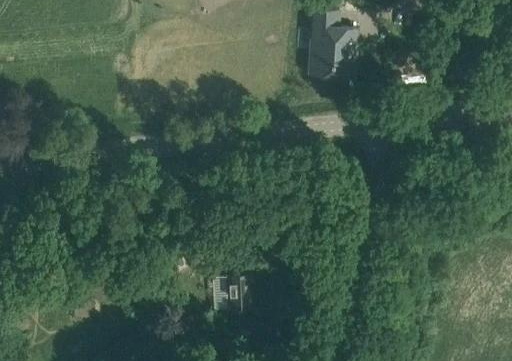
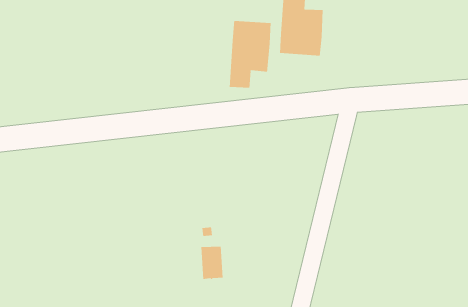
building: none -> [229,20,271,89]

